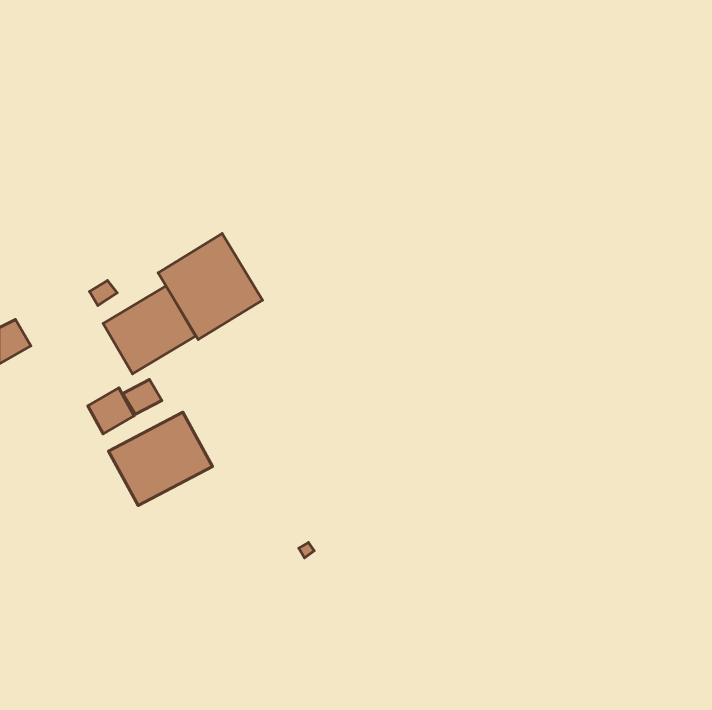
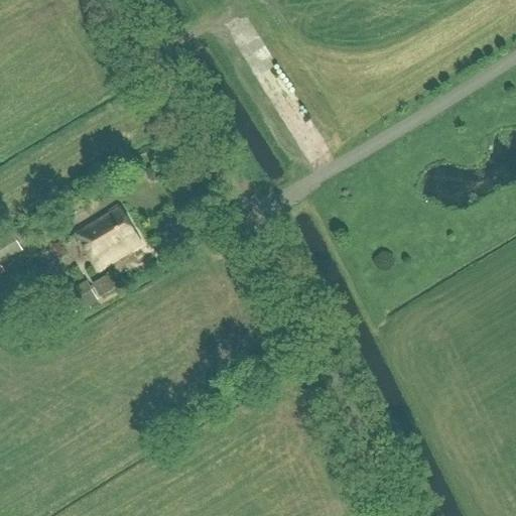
building: [158,233,262,340] -> none
building: [109,412,212,505] -> none

